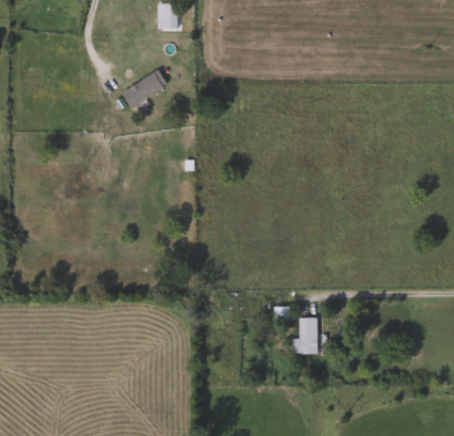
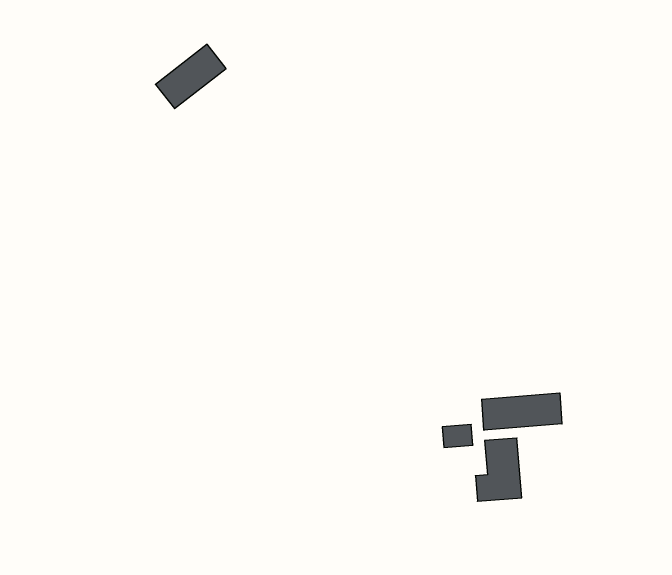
building: none -> [482,393,562,430]

